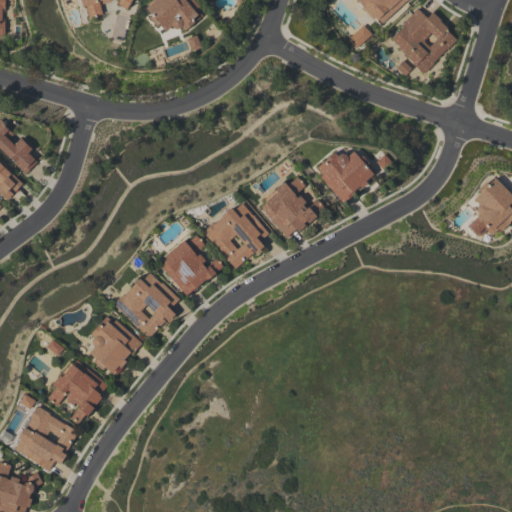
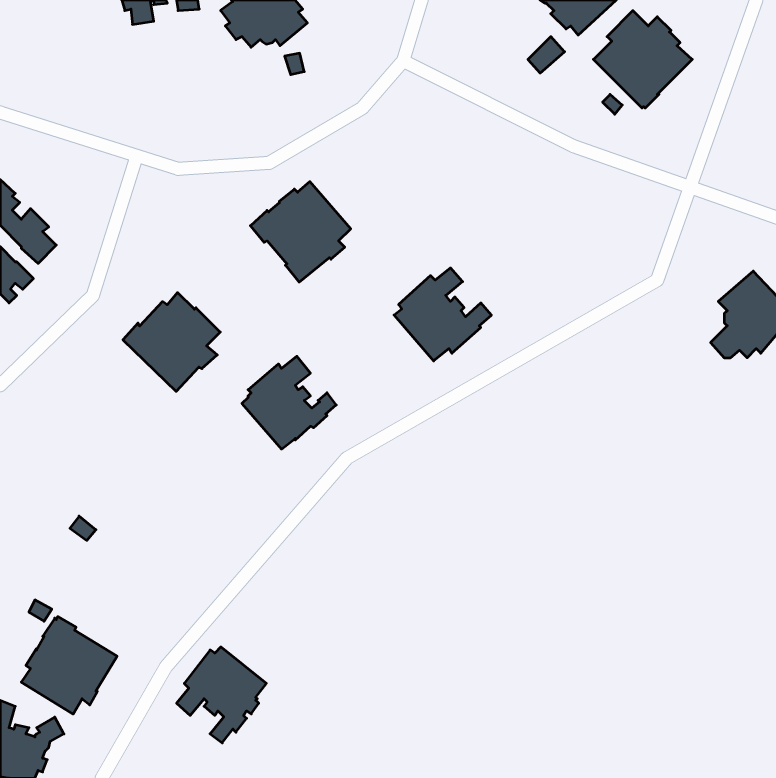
building: [317,150,374,203] -> none
building: [203,202,269,268] -> [250,182,351,282]
building: [114,273,178,338] -> [123,293,220,391]
building: [89,316,141,374] -> none
building: [48,360,107,423] -> [177,647,266,743]

